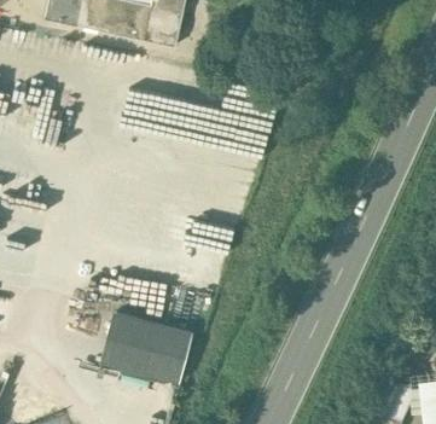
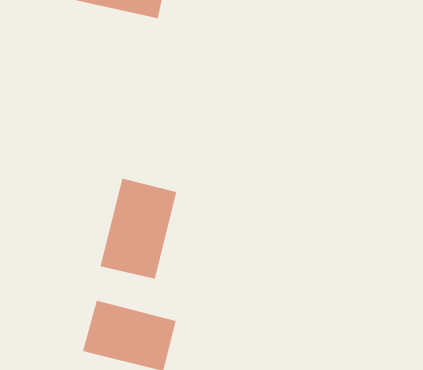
building: none -> [100,178,177,279]

